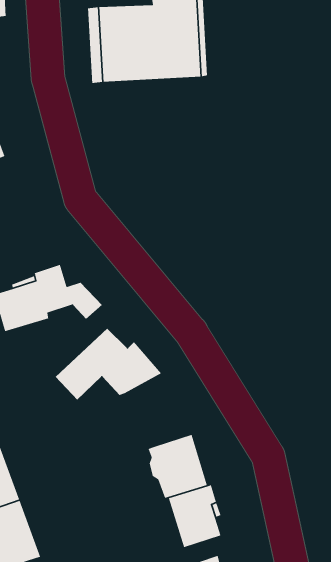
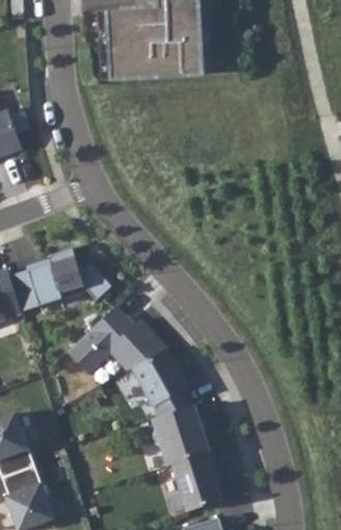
building: none -> [131,349,193,416]

